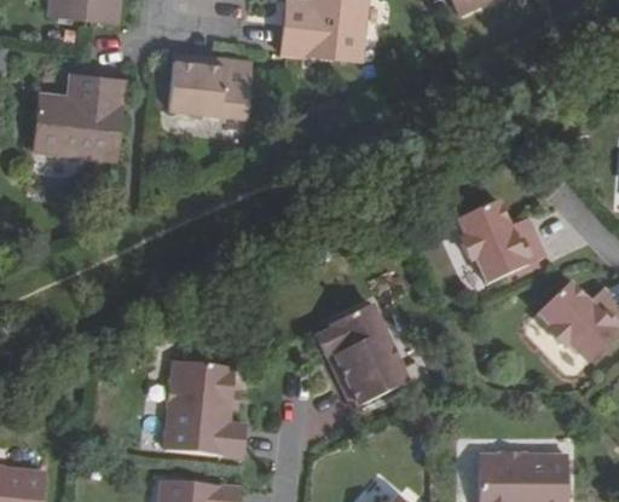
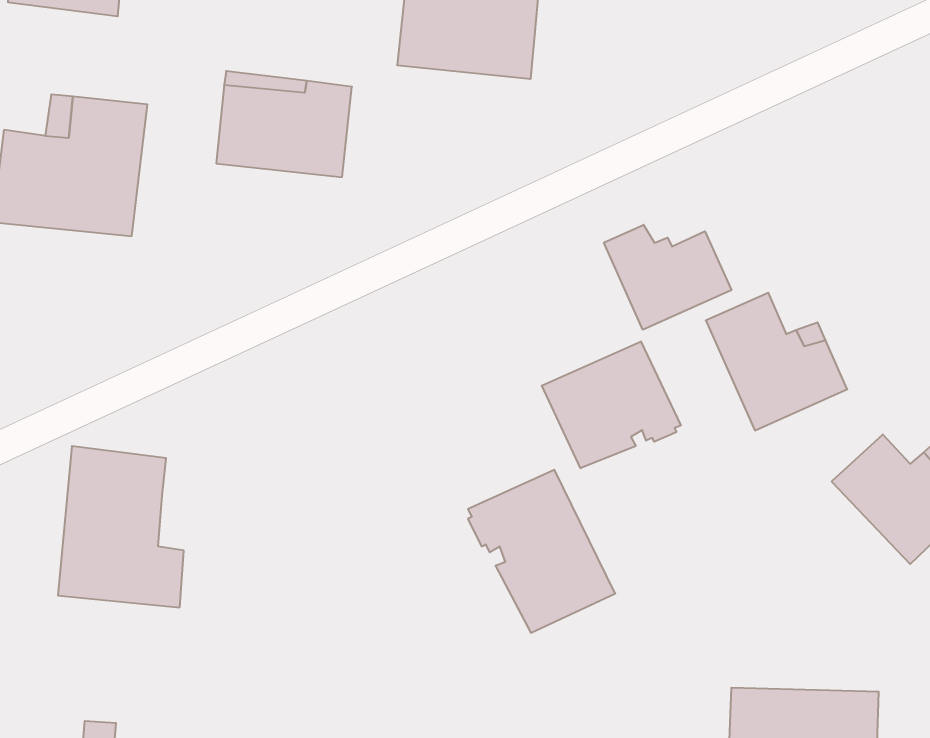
building: none -> [604,225,731,330]
building: none -> [542,341,681,468]
building: [167,356,244,455] -> [58,446,184,607]

